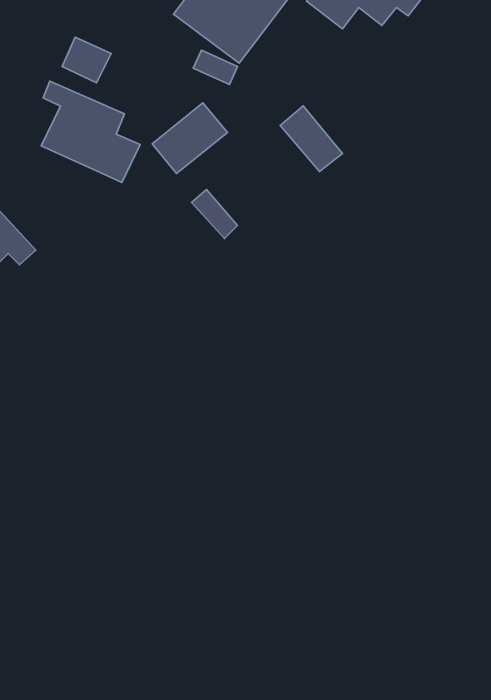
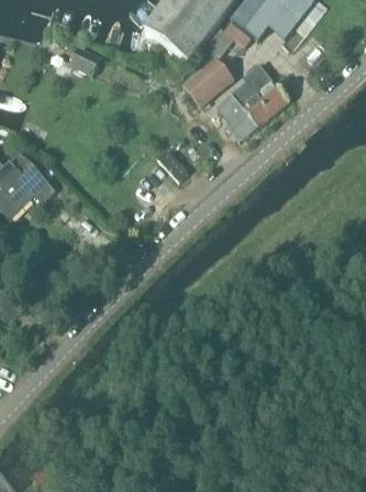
building: none -> [230,64,286,122]
building: [41,81,140,182] -> none
building: [152,103,227,173] -> [180,56,231,103]

